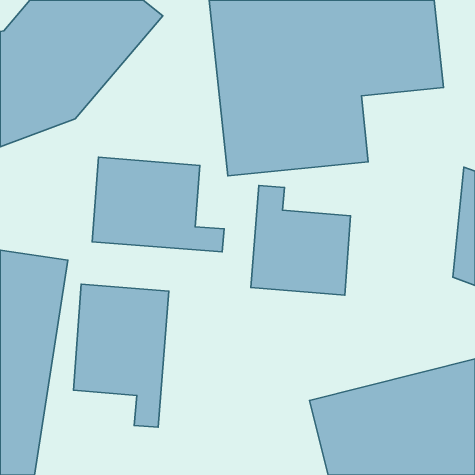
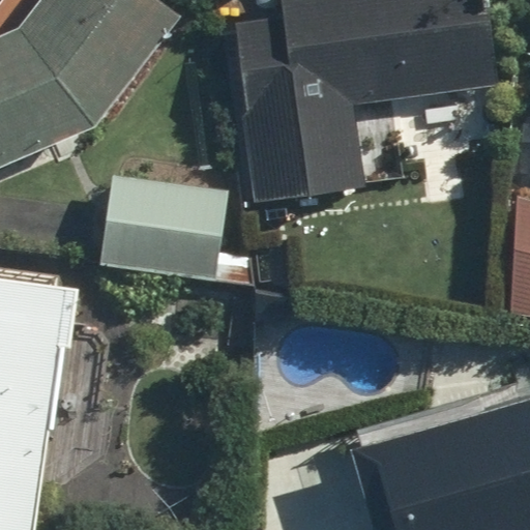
building: [251,186,351,295] -> none
building: [73,284,169,427] -> none

